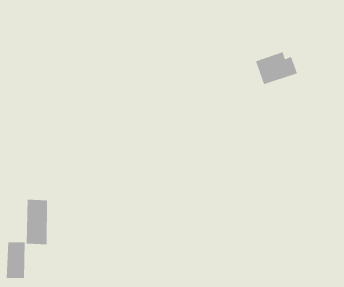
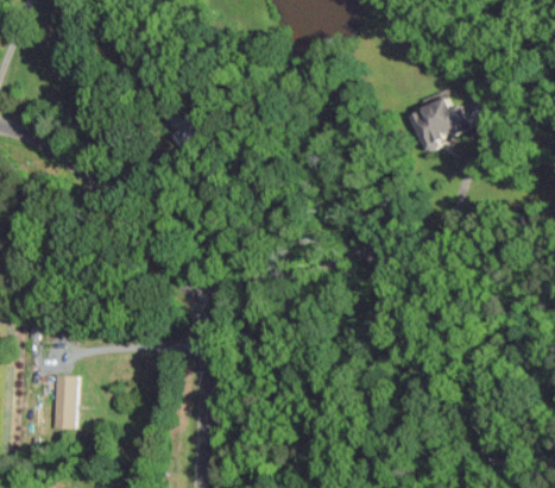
building: [26,199,47,245] -> none

